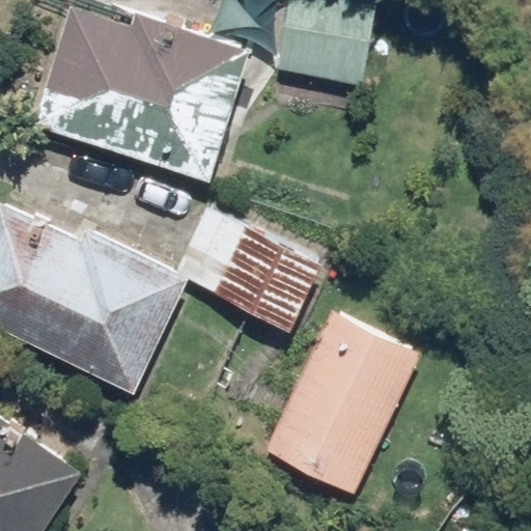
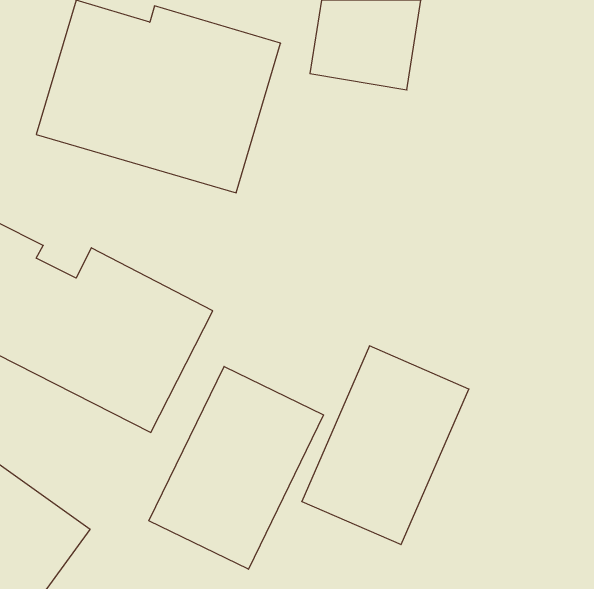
building: [174,206,320,330] -> none
building: none -> [149,366,323,569]

